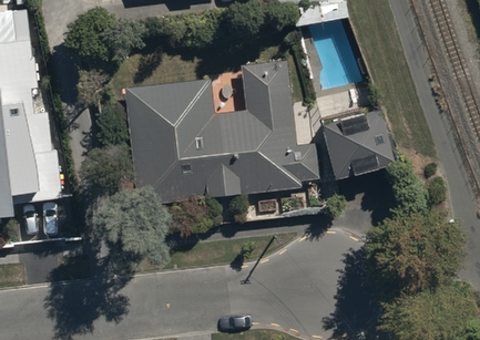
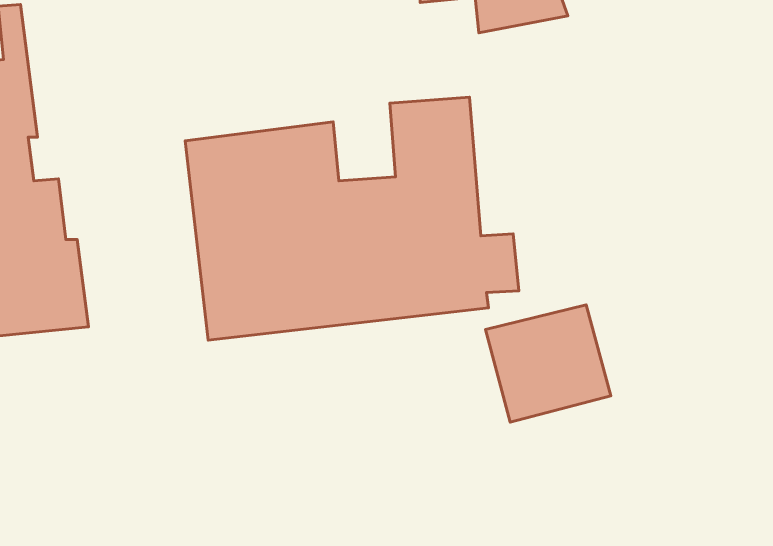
building: [320,110,394,178] -> [486,305,611,422]

